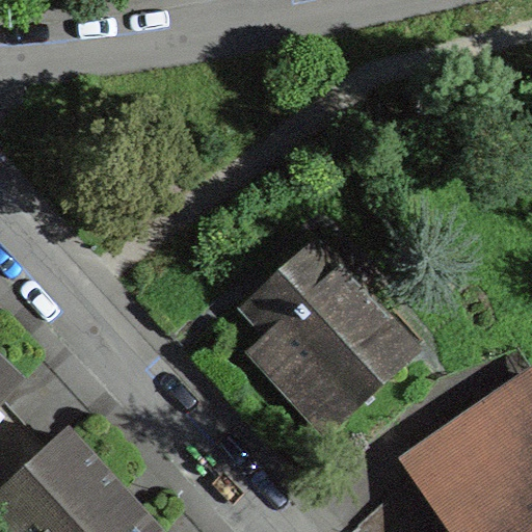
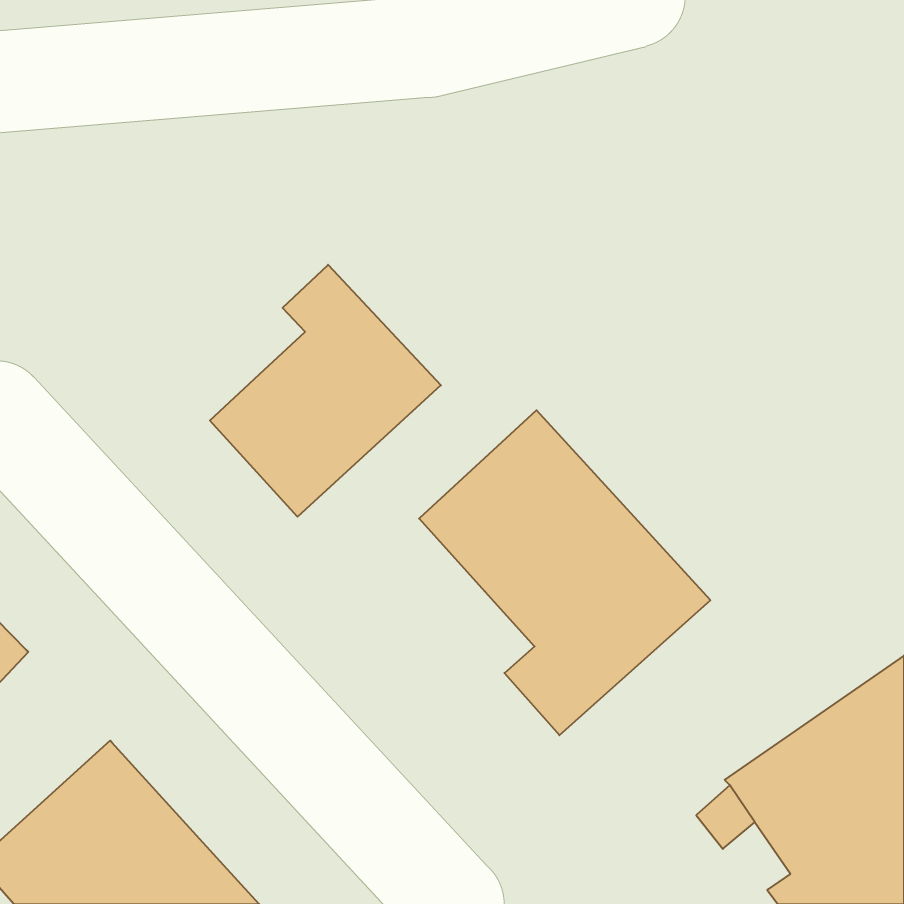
building: none -> [210,265,441,517]

